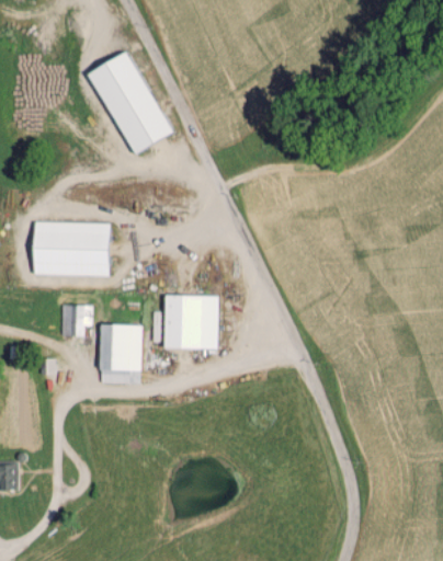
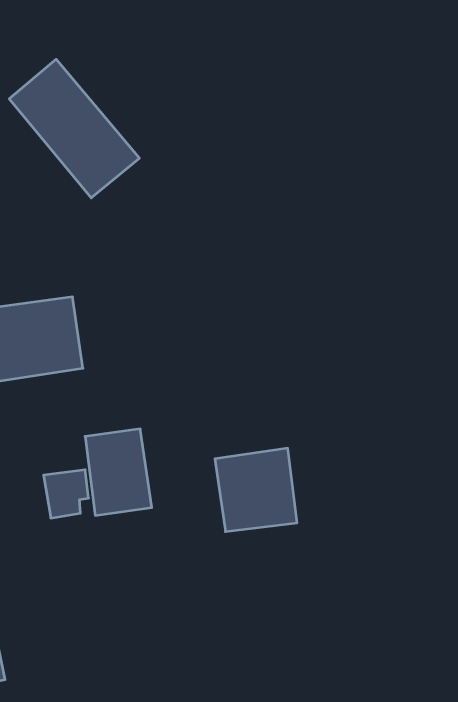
building: [164,294,219,350] -> [215,448,297,532]
building: [63,304,93,335] -> [44,470,89,518]

